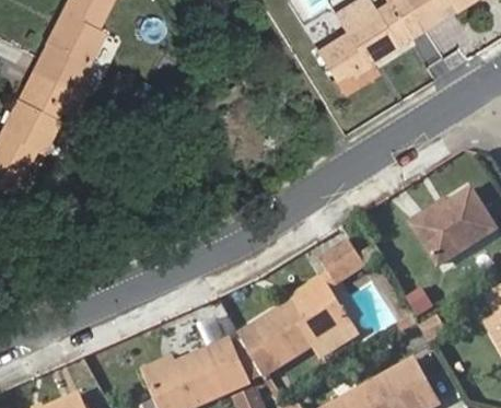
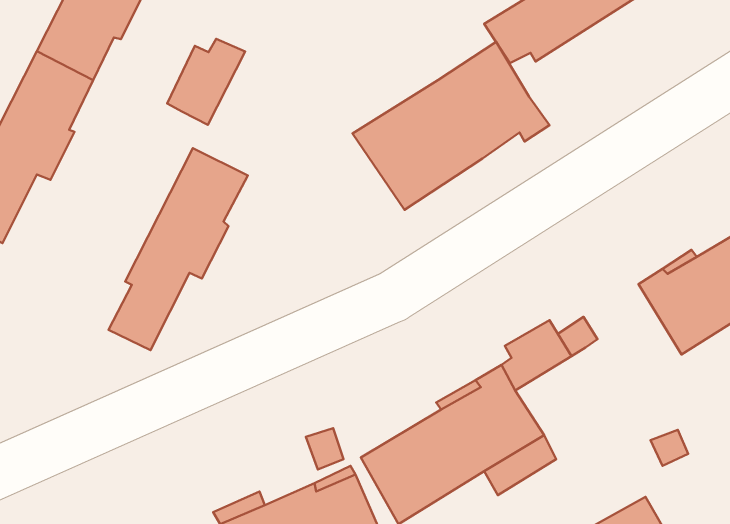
building: none -> [167,39,245,125]
building: none -> [353,42,549,210]
building: none -> [109,148,248,350]

